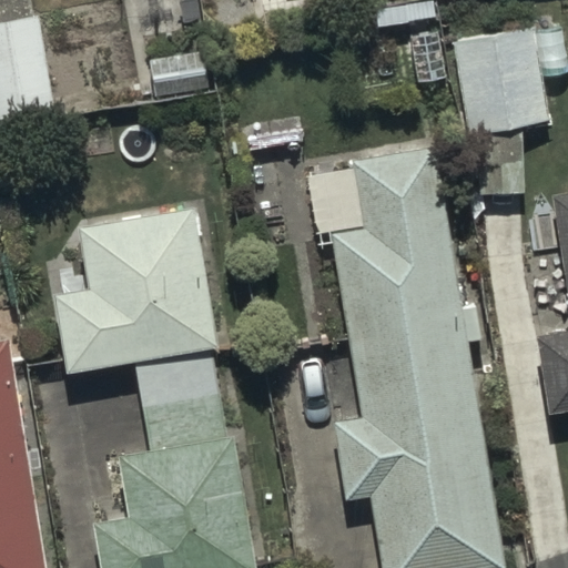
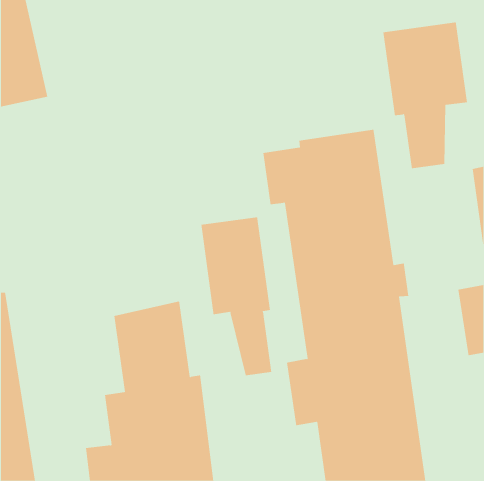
building: [47,210,219,378] -> none
building: none -> [201,217,272,376]

